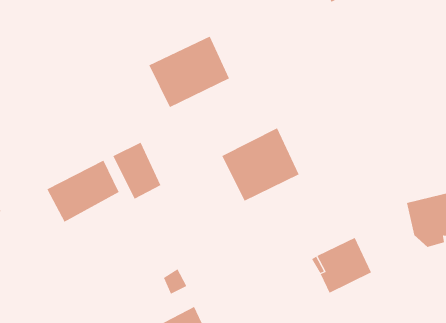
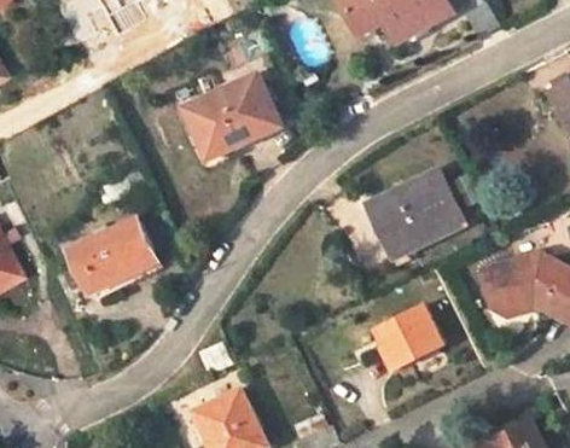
building: [221,128,300,202] -> [372,168,463,254]
building: [112,142,161,199] -> none

